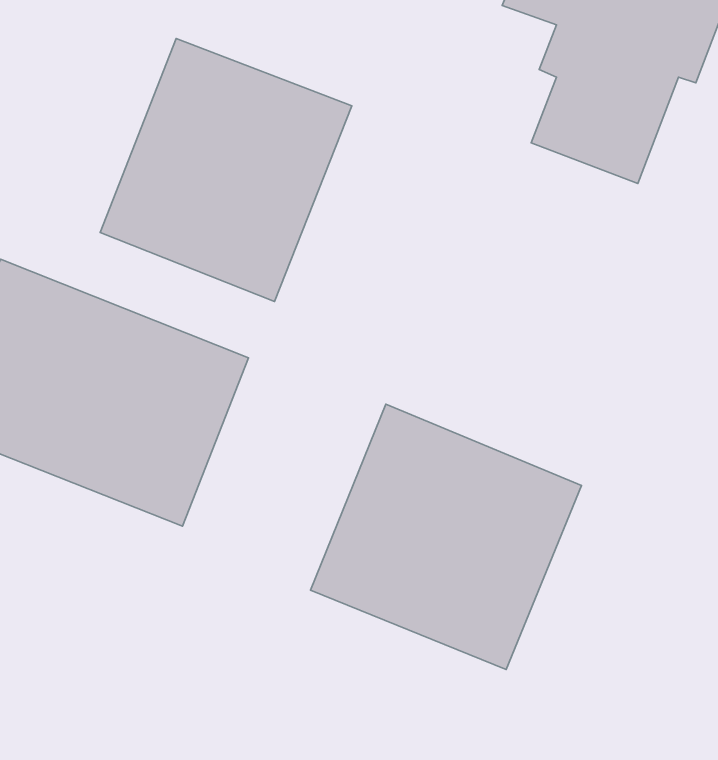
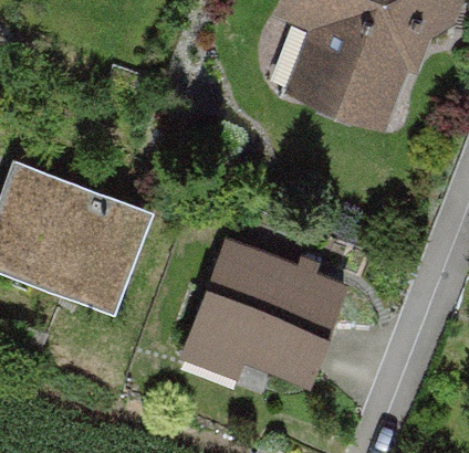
building: [100,39,352,301] -> none

